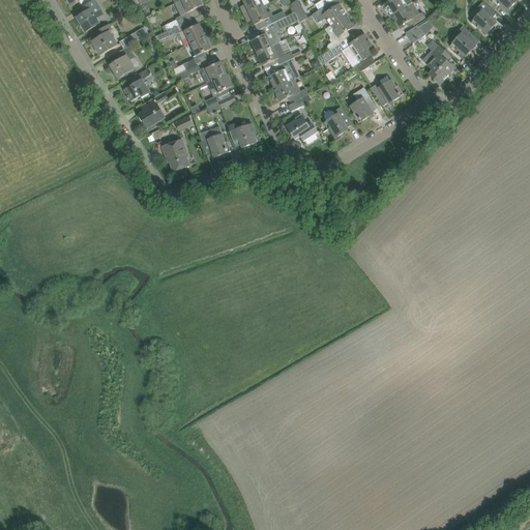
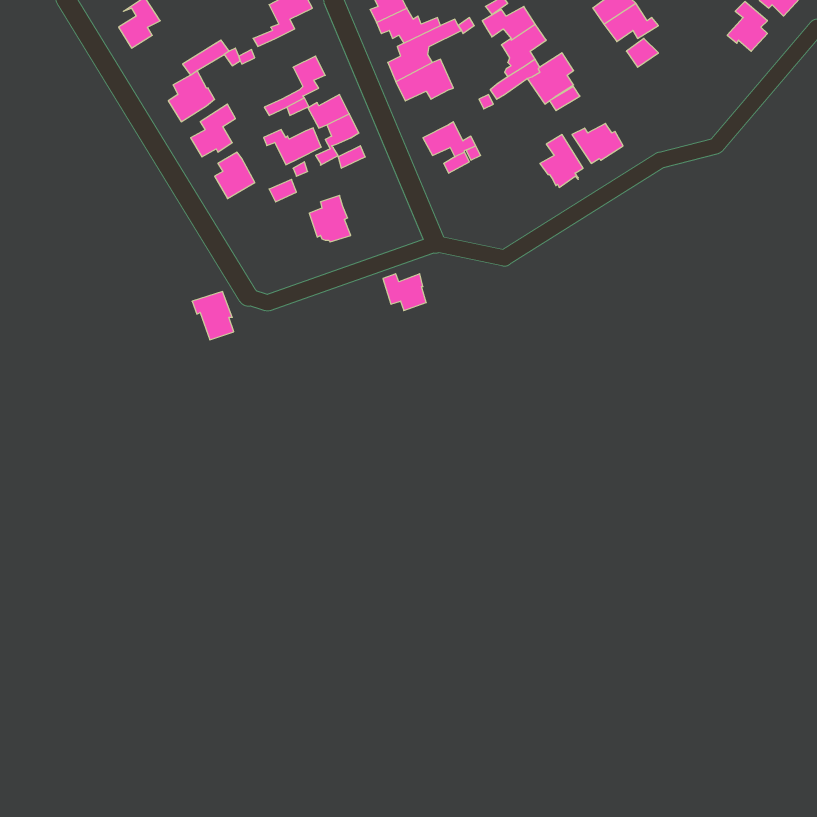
building: [91,24,117,56] -> none
building: [167,24,204,48] -> [264,128,321,165]
building: [449,25,479,57] -> none
building: [423,46,454,84] -> none
building: [268,58,299,89] -> none
building: [323,107,352,138] -> none
building: [286,114,317,141] -> none
building: [228,123,256,147] -> [383,274,426,311]
building: [161,140,188,171] -> [192,292,234,340]

